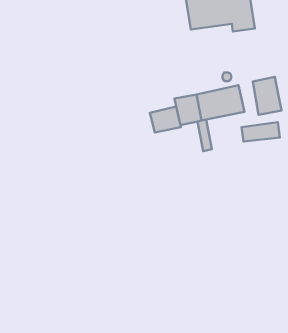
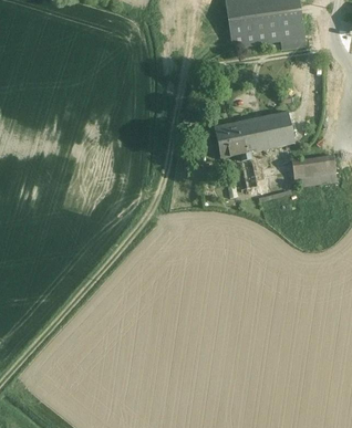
building: [253,77,282,115] -> none
building: [150,106,181,132] -> none

